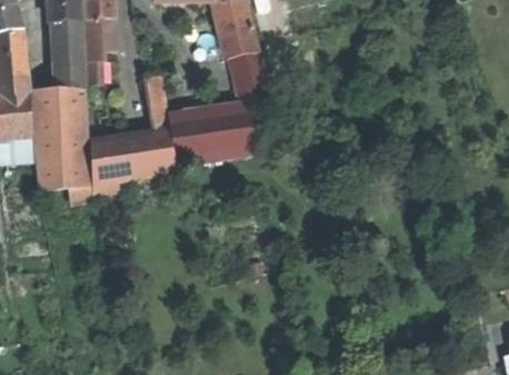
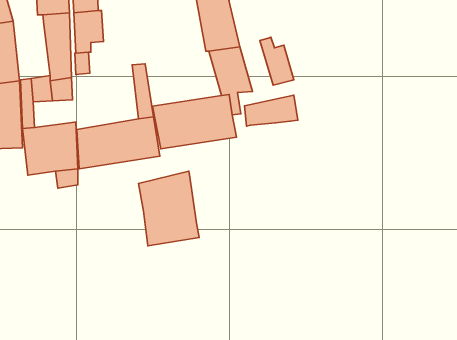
building: none -> [260,37,294,85]
building: none -> [244,95,298,126]
building: [44,110,88,139] -> none
building: none -> [138,171,199,246]

